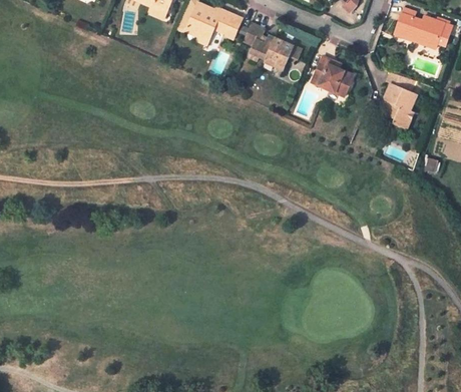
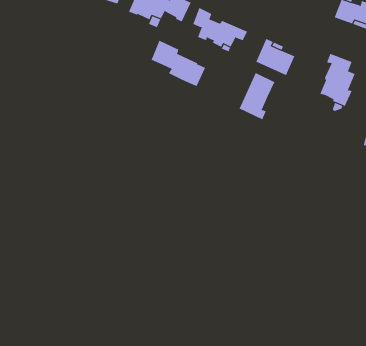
building: none -> [151,40,206,87]
building: none -> [239,72,275,120]

